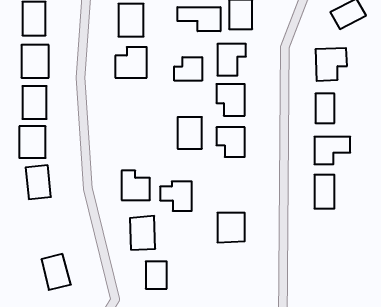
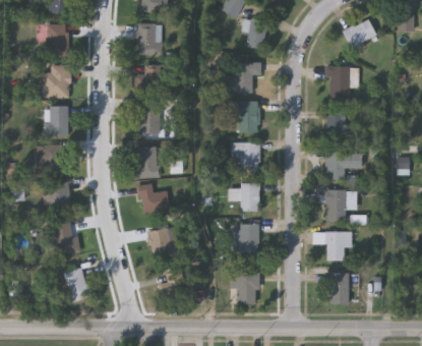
building: [177,7,220,31] -> none
building: [174,57,202,81] -> none
building: none -> [133,104,159,134]
building: [178,117,202,149] -> [135,148,159,178]
building: [160,181,192,211] -> [228,183,258,212]
building: none -> [50,223,77,252]
building: none -> [323,233,351,262]
building: none -> [231,273,258,304]
building: none -> [328,273,348,305]

